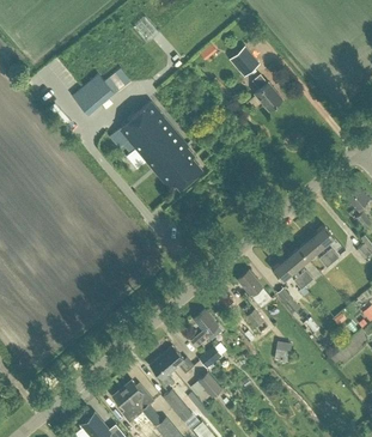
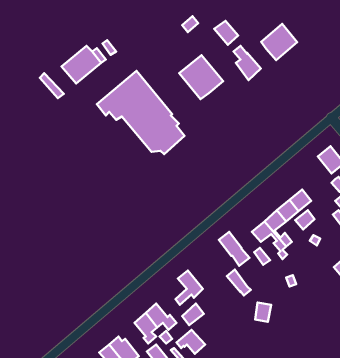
building: none -> [261,24,297,60]
building: none -> [179,55,223,99]

